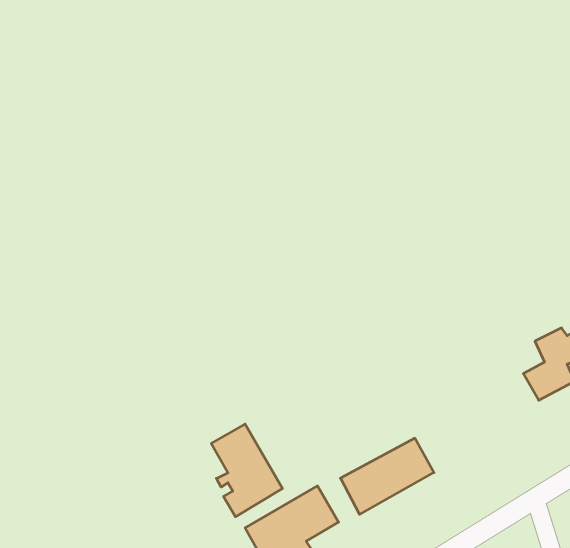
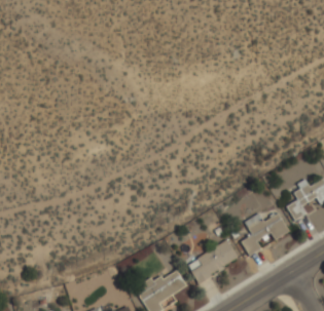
building: none -> [242,213,290,256]
building: [211,424,282,517] -> none

